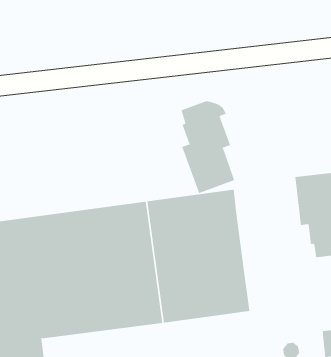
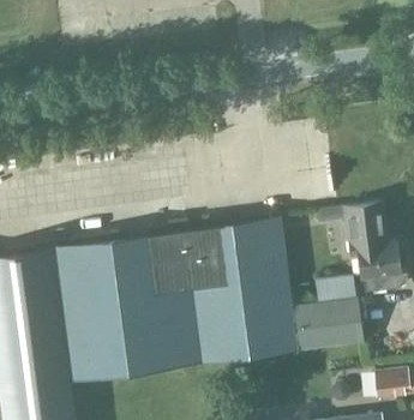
building: [181,101,235,194] -> none
building: none -> [290,275,361,349]

